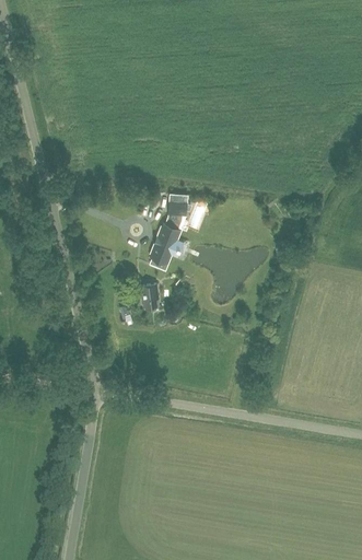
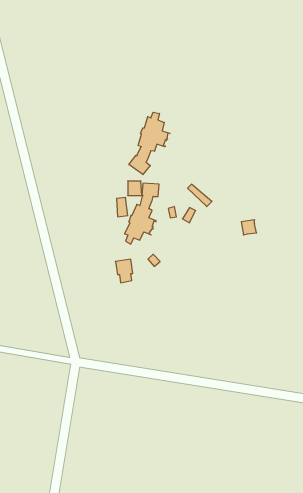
building: none -> [129,112,170,175]

